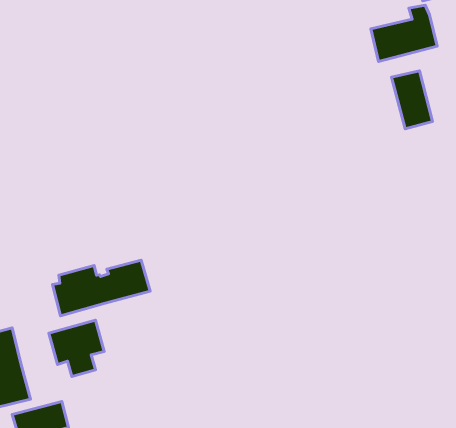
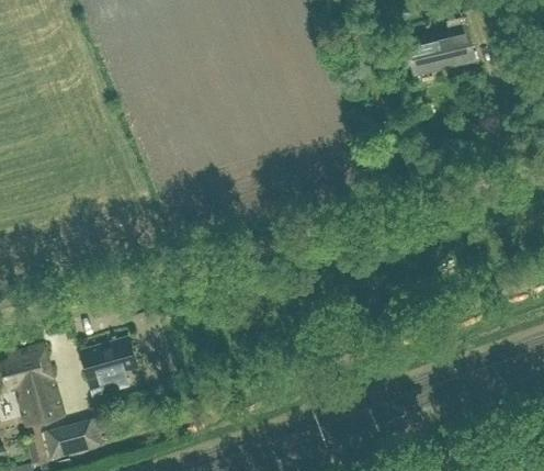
building: [392,71,432,129] -> none
building: [52,260,150,316] -> none

